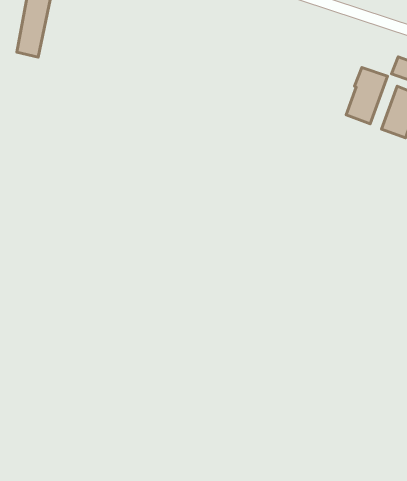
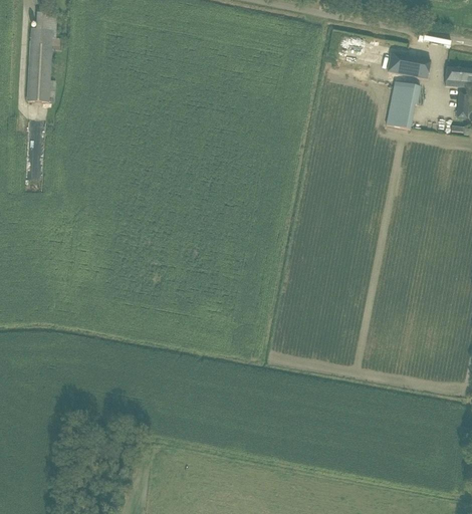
building: [346,68,388,124] -> none

